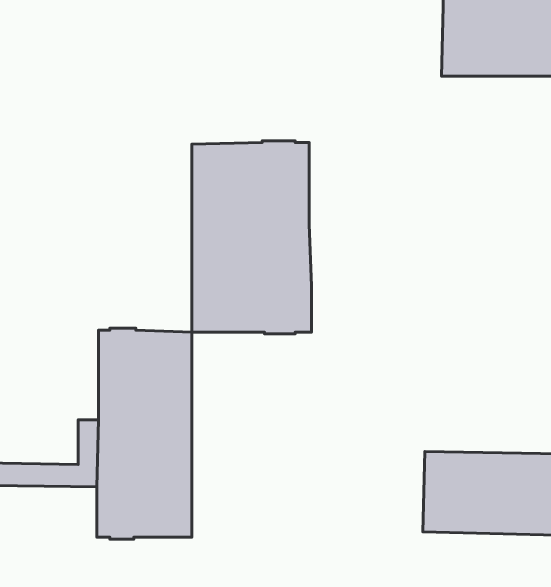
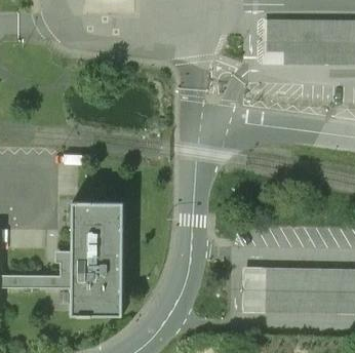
building: [192,141,312,334] -> none

